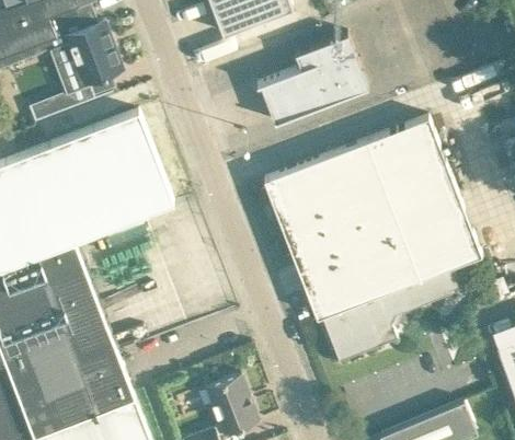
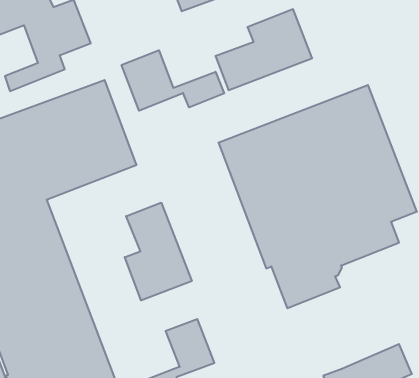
building: none -> [122,50,224,111]
building: none -> [125,203,192,300]

